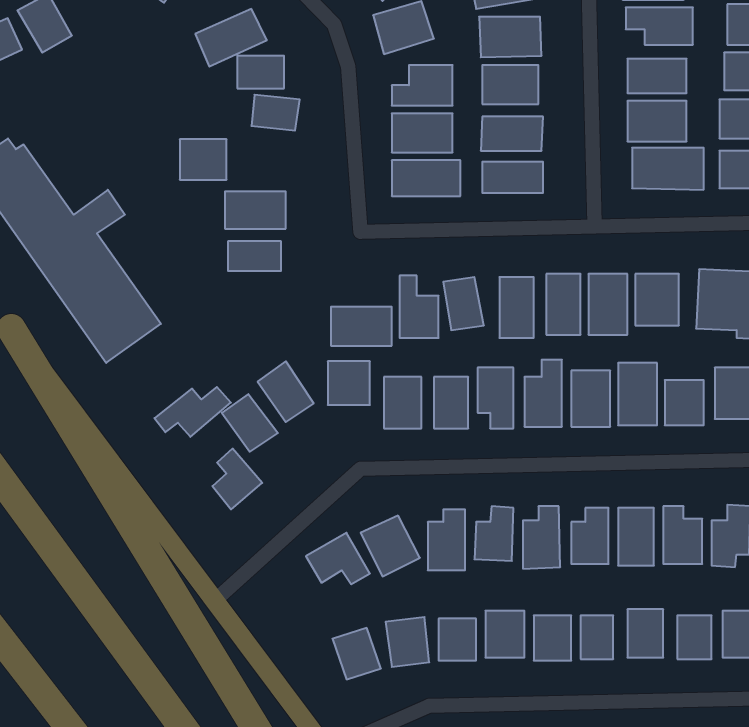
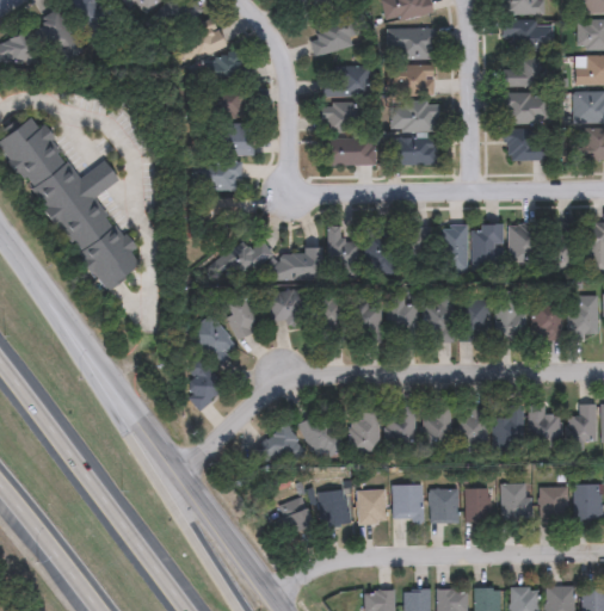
building: [180,139,227,180] -> [218,124,254,155]
building: [154,387,231,437] -> [215,241,273,279]

